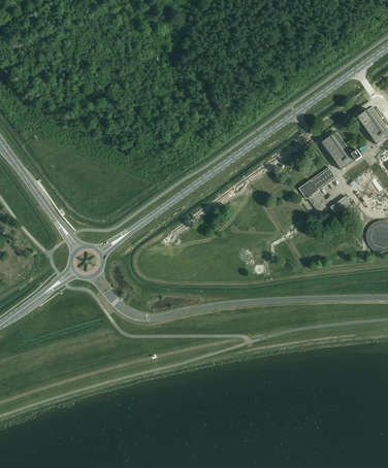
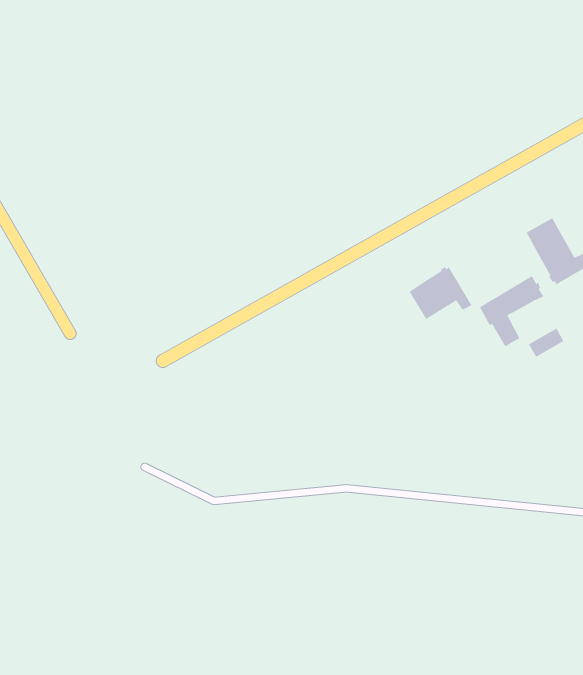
building: none -> [409,266,472,320]

